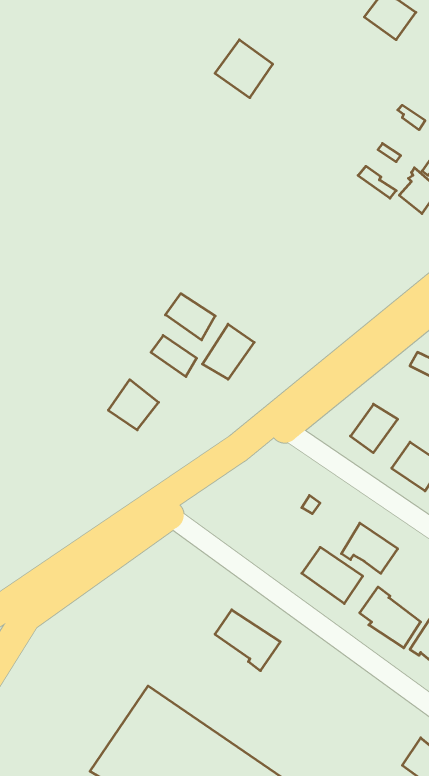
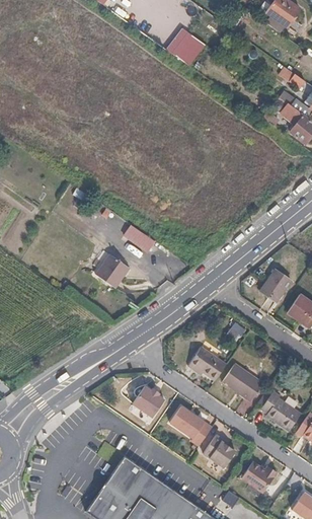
building: [165,294,215,340] -> none
building: [202,324,254,379] -> none
building: [341,523,398,573] -> [190,348,228,381]
building: none -> [135,386,167,419]
building: none -> [203,435,235,468]
building: none -> [240,461,277,493]

